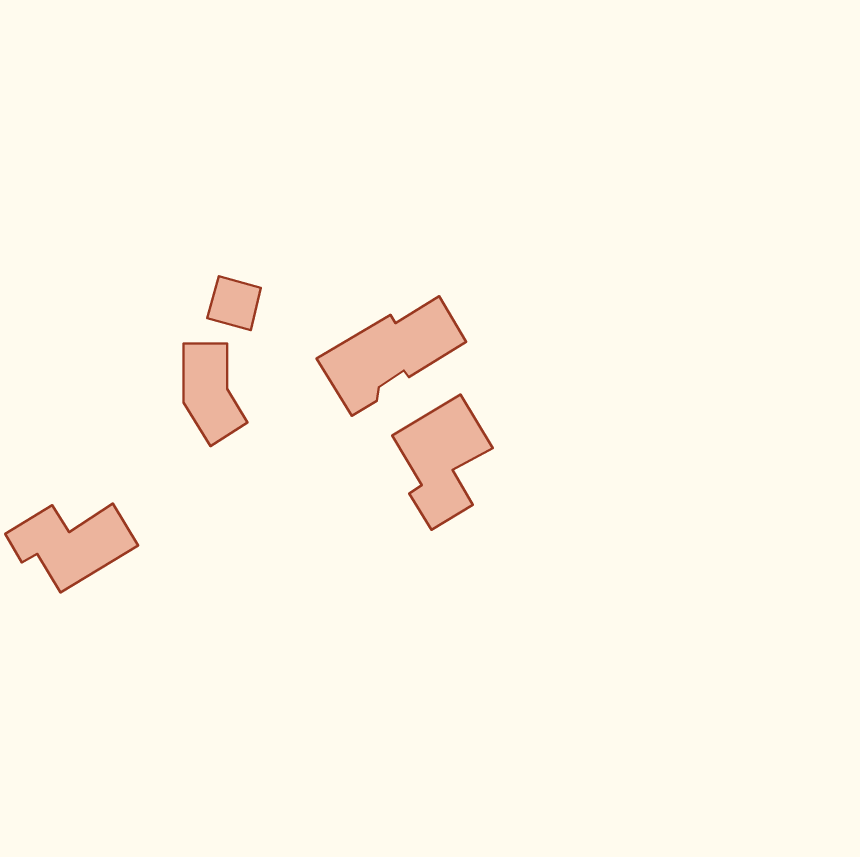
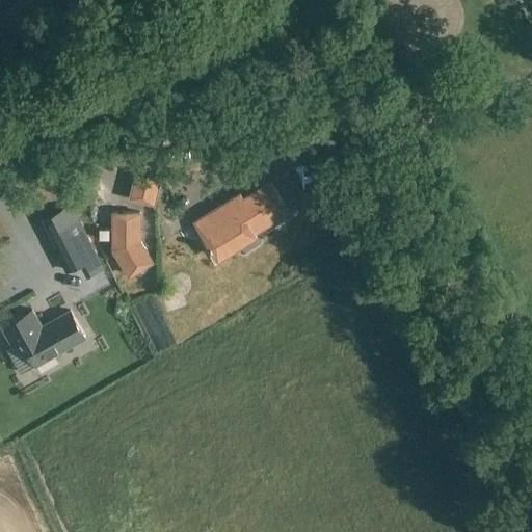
building: none -> [42,209,95,273]
building: [392,395,493,530] -> none

